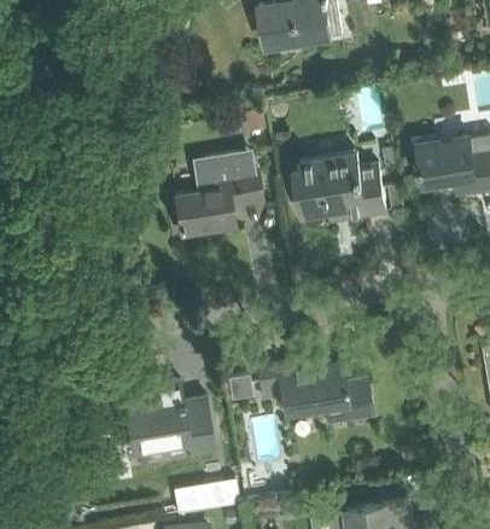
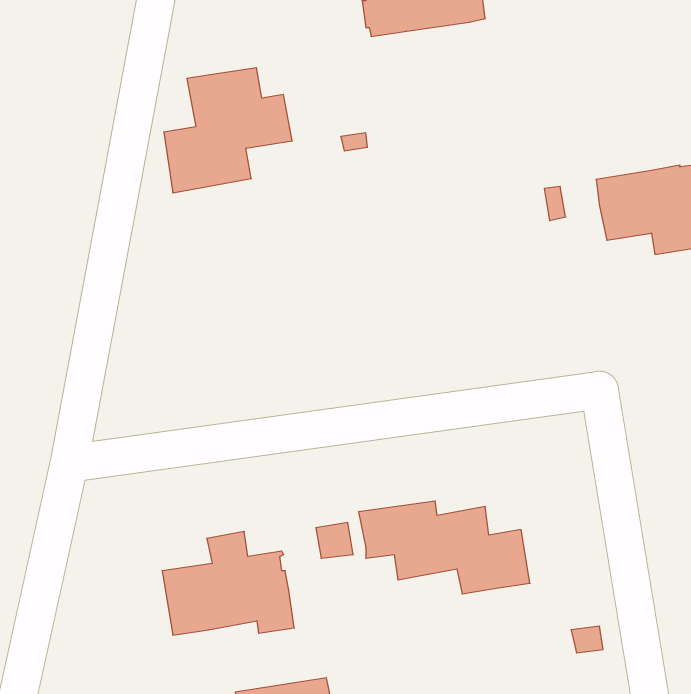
building: [175,153,262,238] -> [164,68,292,193]
building: [292,155,386,219] -> none

